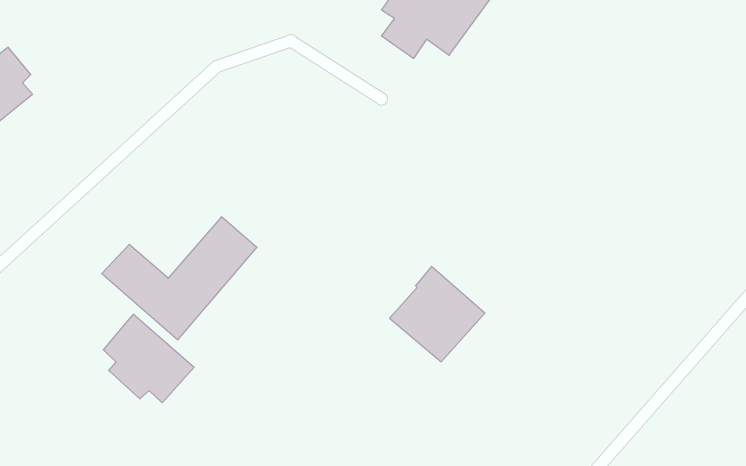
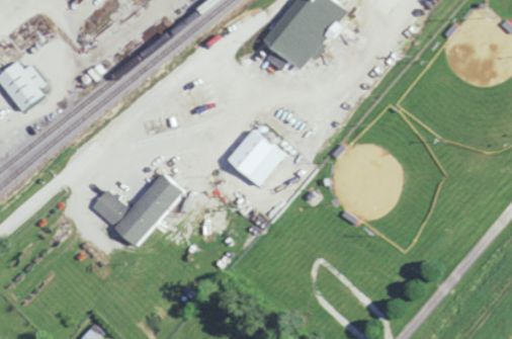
building: [390,266,485,362] -> [227,126,286,186]
building: [103,314,194,403] -> none

